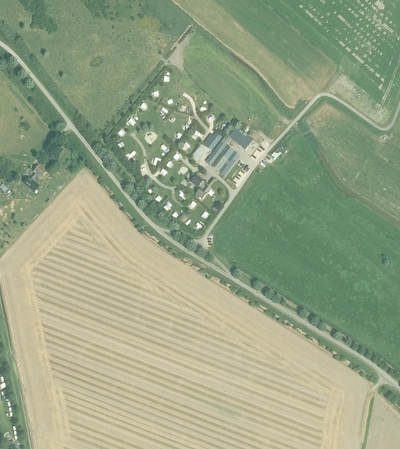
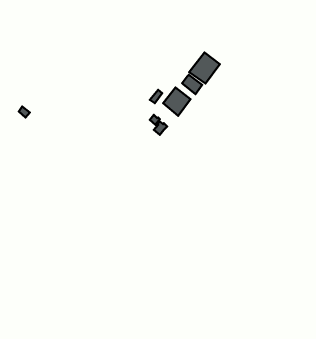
building: none -> [189,53,220,83]

